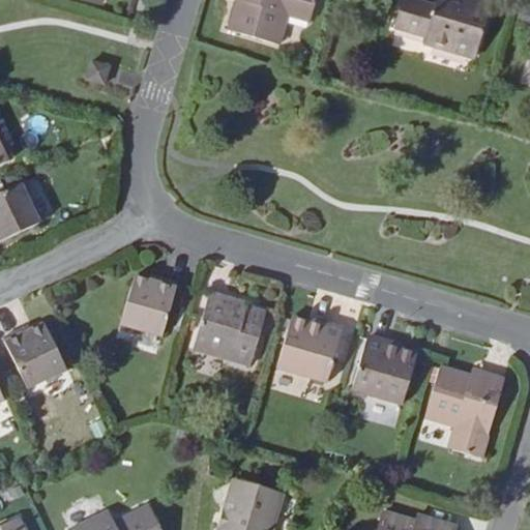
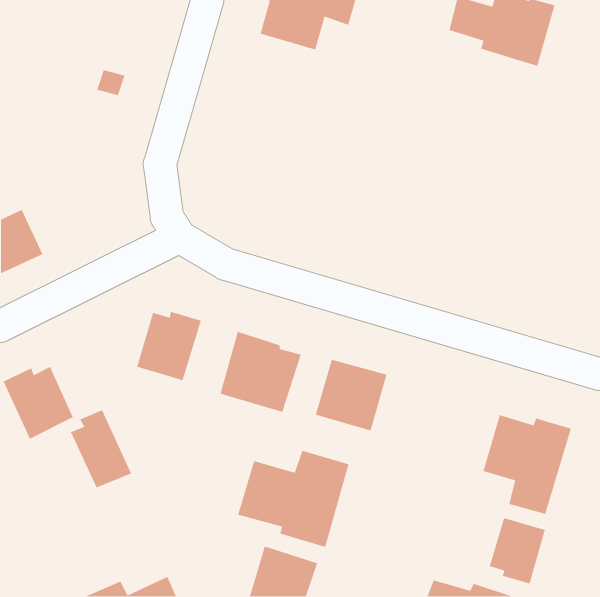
building: [352,336,417,404] -> none
building: none -> [70,409,132,488]
building: none -> [237,450,350,548]
building: none -> [489,517,546,584]

